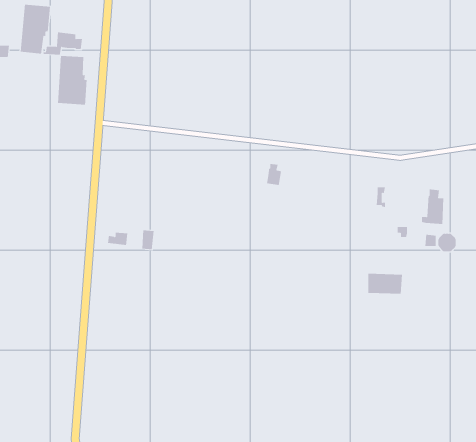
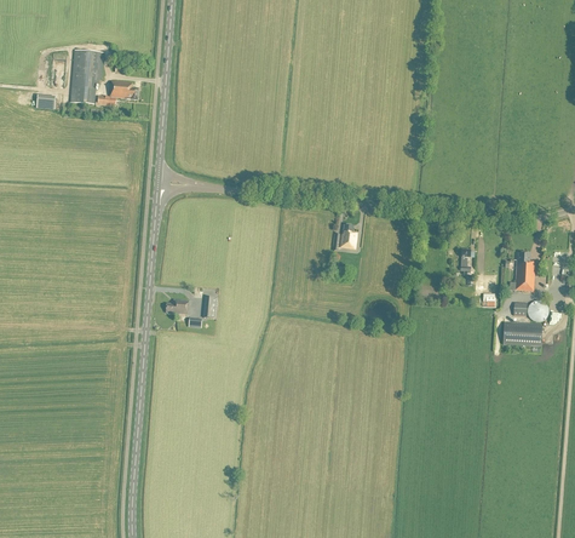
building: [58,55,87,106] -> none
building: [367,273,403,294] -> [502,322,541,345]

